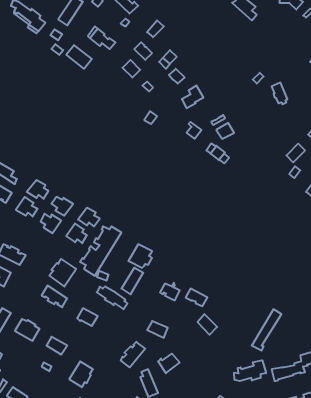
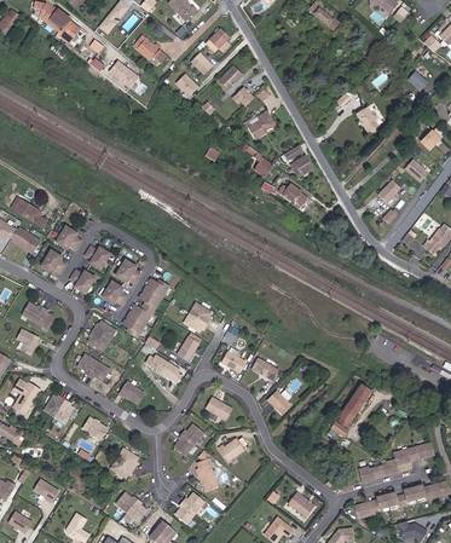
building: [234,360,266,381] -> none

